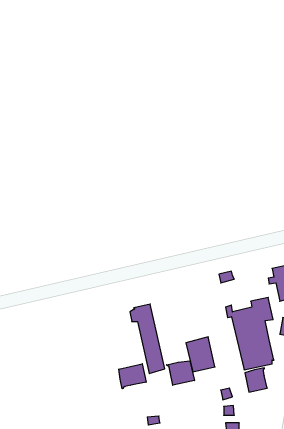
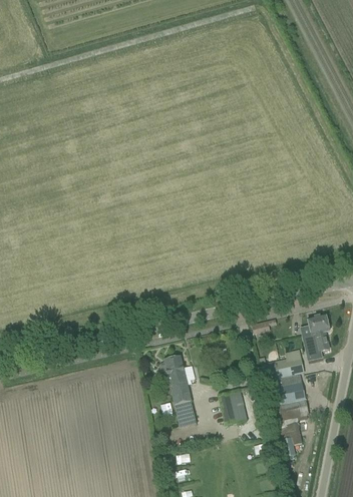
building: [167,361,194,385] -> none
building: [119,364,146,389] -> none

